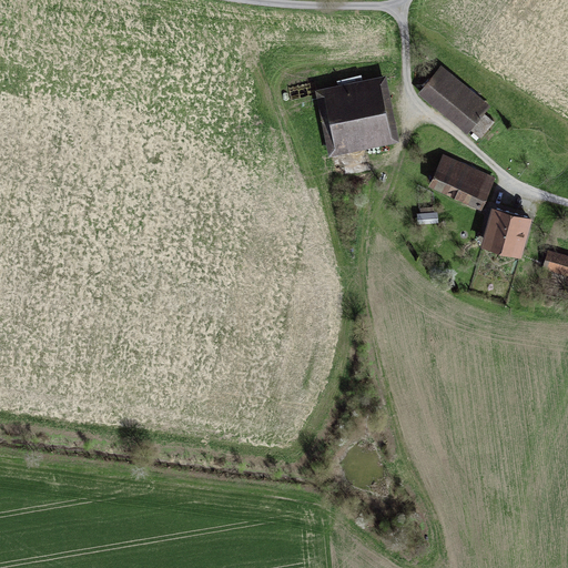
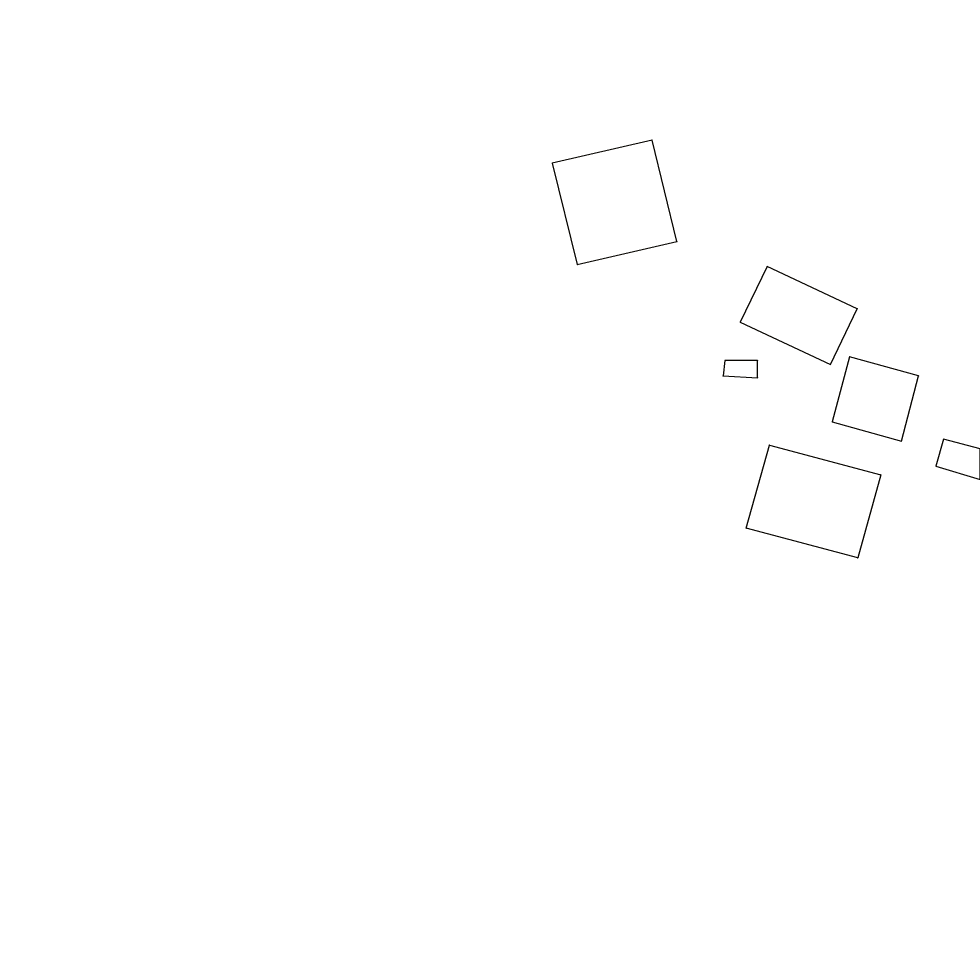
building: [422,67,487,129] -> none
building: none -> [746,445,881,558]

